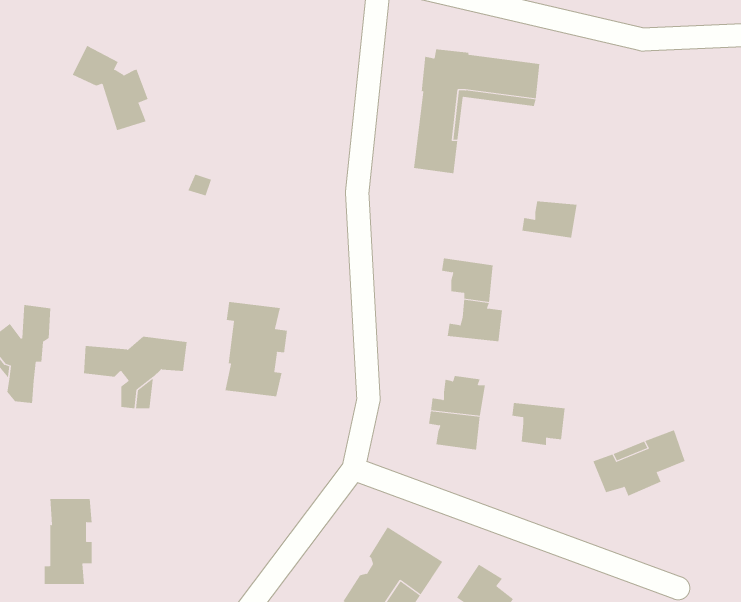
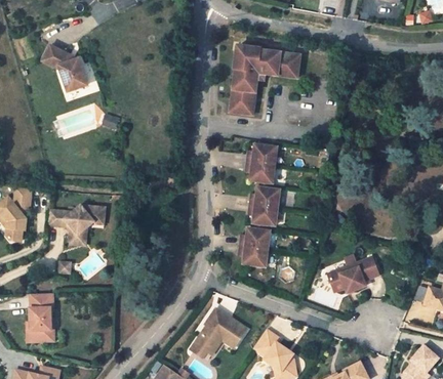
building: [522,201,578,238] -> [246,144,277,165]
building: [225,301,287,397] -> none
building: [511,403,566,446] -> [247,204,277,227]

